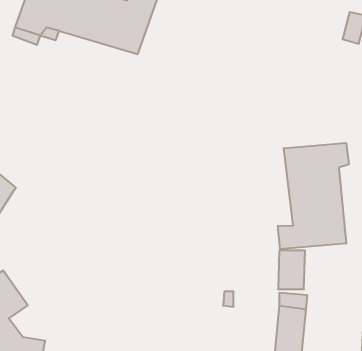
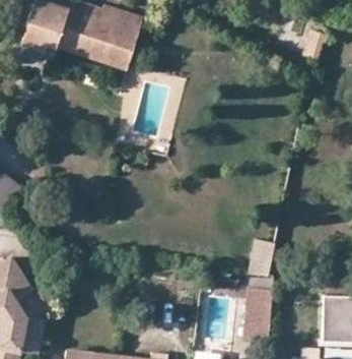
building: [278,143,349,249] -> none

